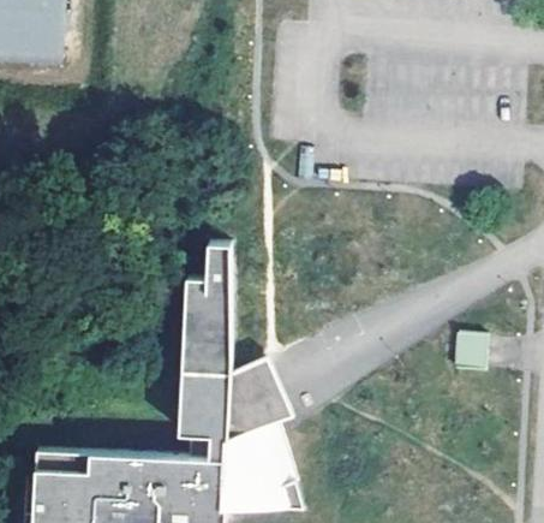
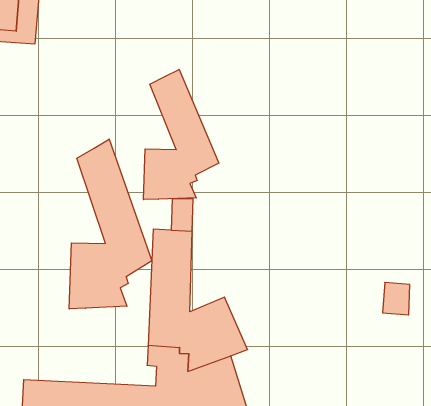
building: none -> [144,69,219,200]
building: none -> [69,139,152,309]

